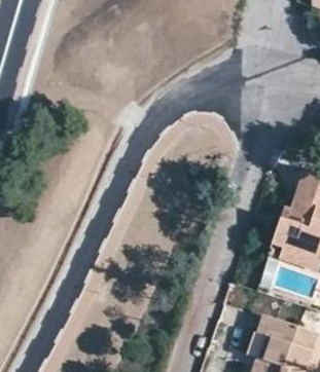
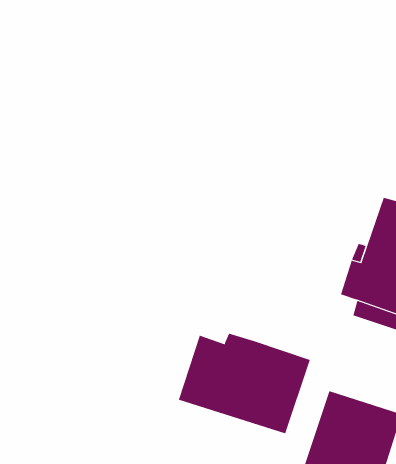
building: none -> [178,333,310,434]

